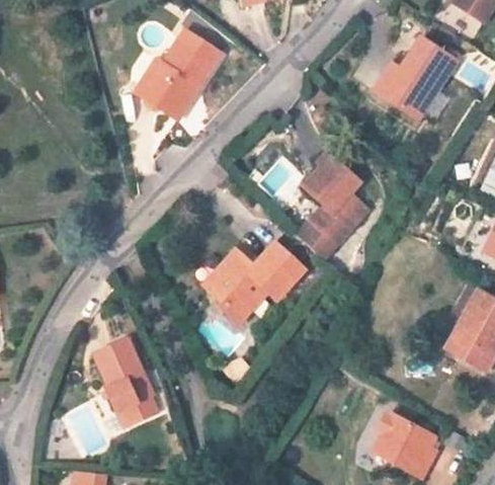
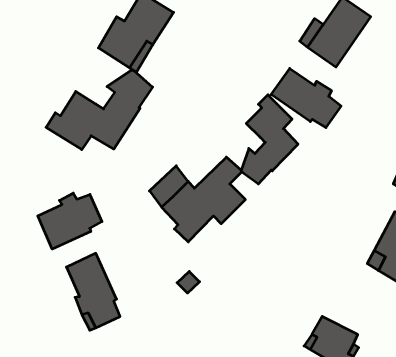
building: none -> [271,68,341,128]
building: none -> [46,70,153,150]
building: none -> [38,193,102,249]

